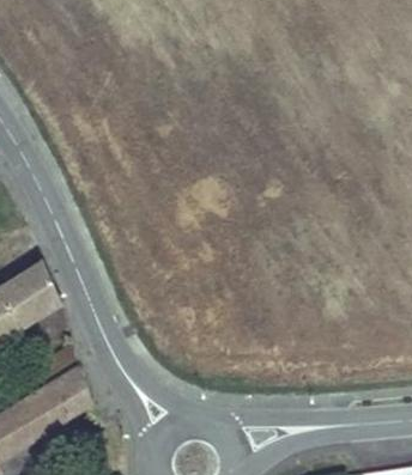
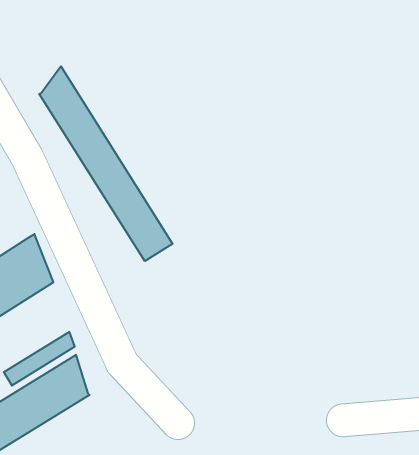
building: none -> [39,66,173,261]

